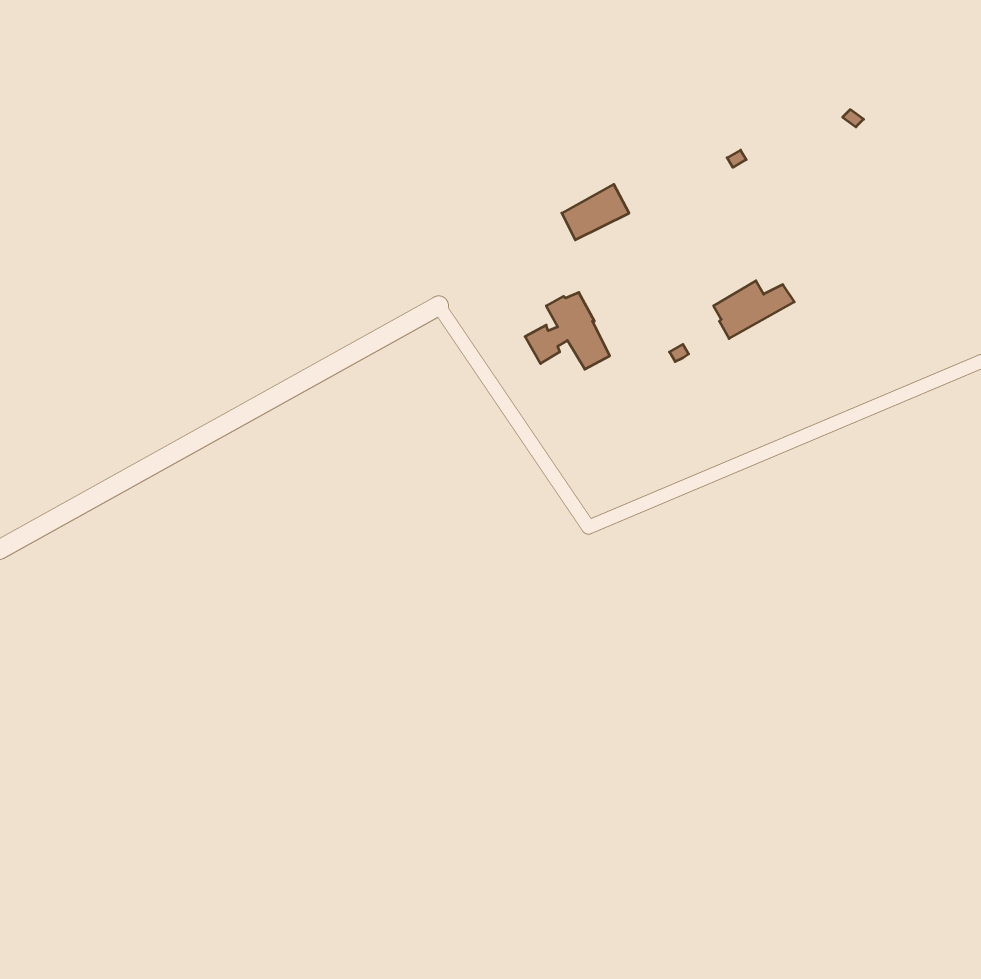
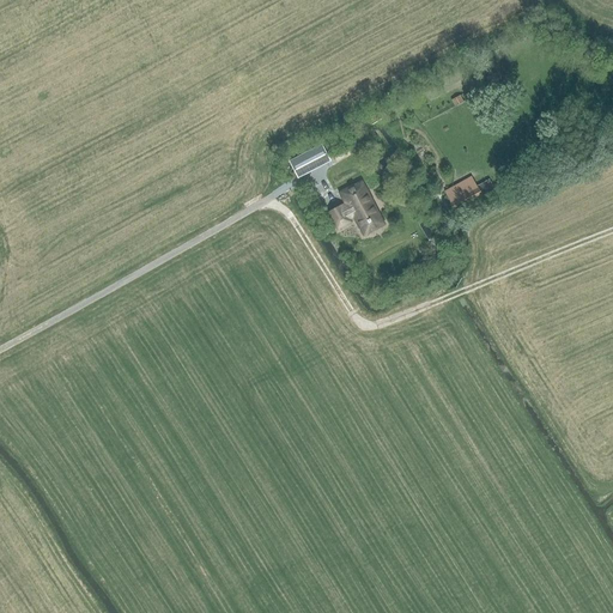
building: [562,184,629,240] -> [291,142,333,177]

